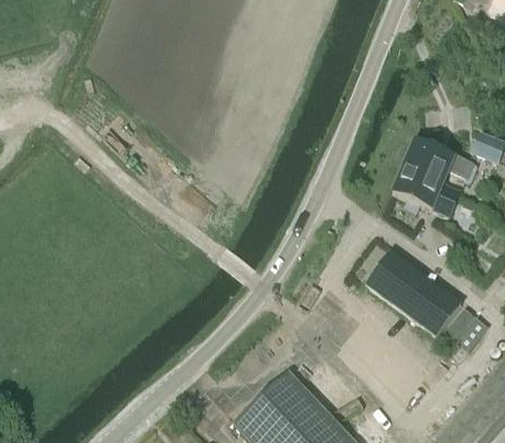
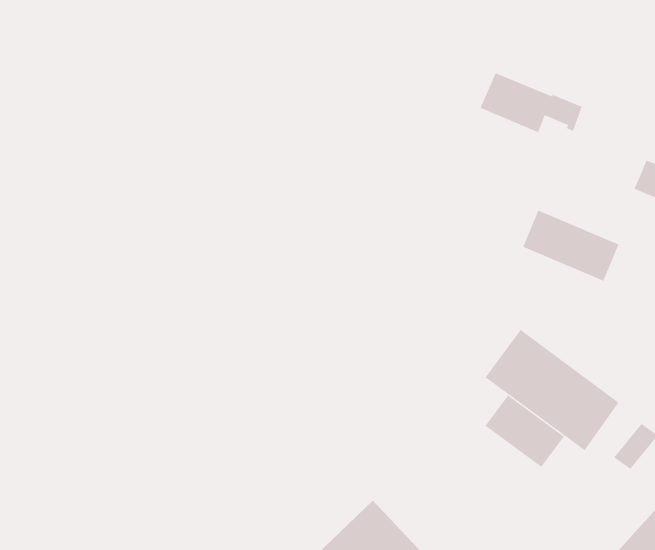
building: [404,141,476,191] -> [479,72,583,143]
building: none -> [484,395,565,468]

